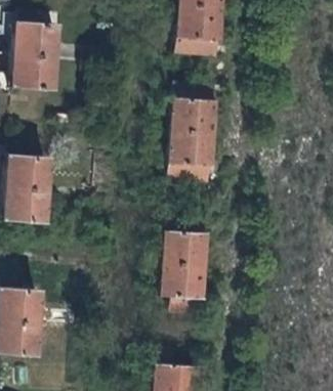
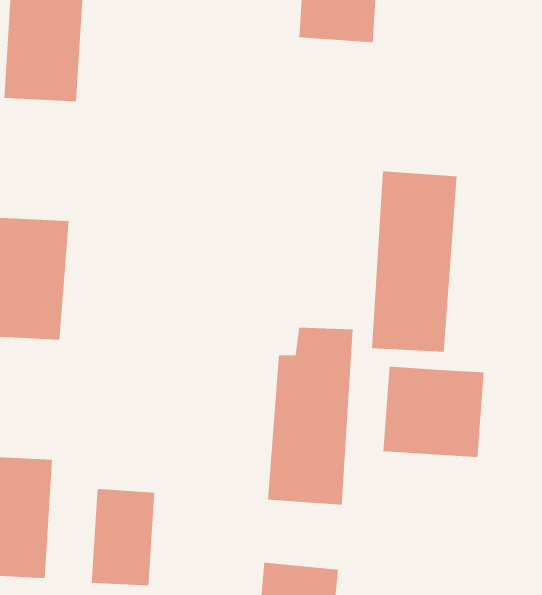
building: [169,81,217,182] -> [371,171,457,352]
building: none -> [383,366,484,458]
building: none -> [91,488,155,586]

